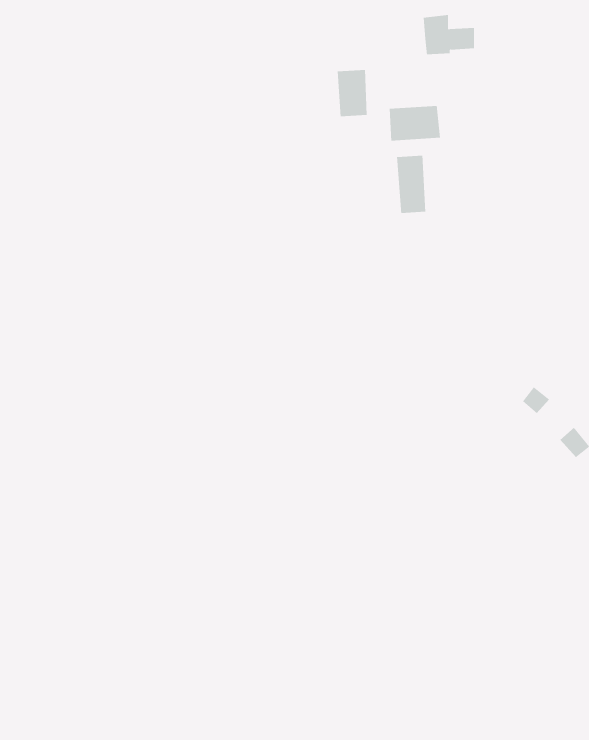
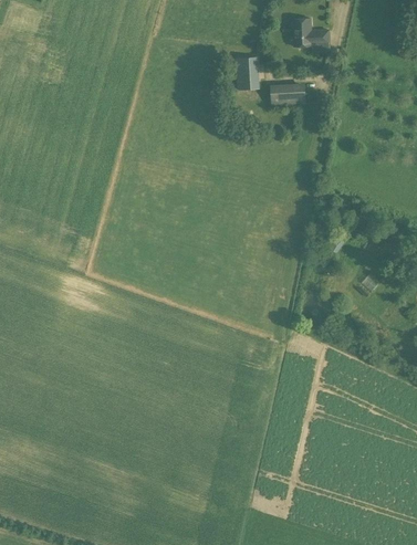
building: [396,155,426,214] -> none

